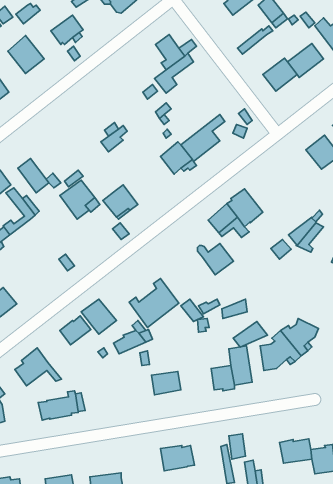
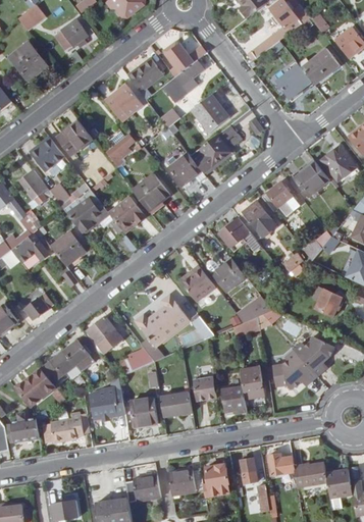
building: none -> [128,58,163,92]
building: none -> [105,86,142,121]
building: none -> [192,93,229,132]
building: none -> [58,120,93,154]
building: none -> [31,139,64,170]
building: none -> [294,161,329,197]
building: none -> [133,172,170,211]
building: none -> [262,181,294,216]
building: none -> [51,230,86,264]
building: none -> [12,232,50,263]
building: none -> [183,265,216,301]
building: none -> [25,282,54,318]
building: none -> [315,288,342,315]
building: [233,322,267,347] -> [237,296,272,322]
building: none -> [41,349,75,382]
building: none -> [193,375,217,400]
building: none -> [91,384,123,411]
building: none -> [131,397,158,426]
building: none -> [10,417,40,441]
building: none -> [268,453,295,475]
building: none -> [204,463,229,497]
building: none -> [125,474,161,503]

